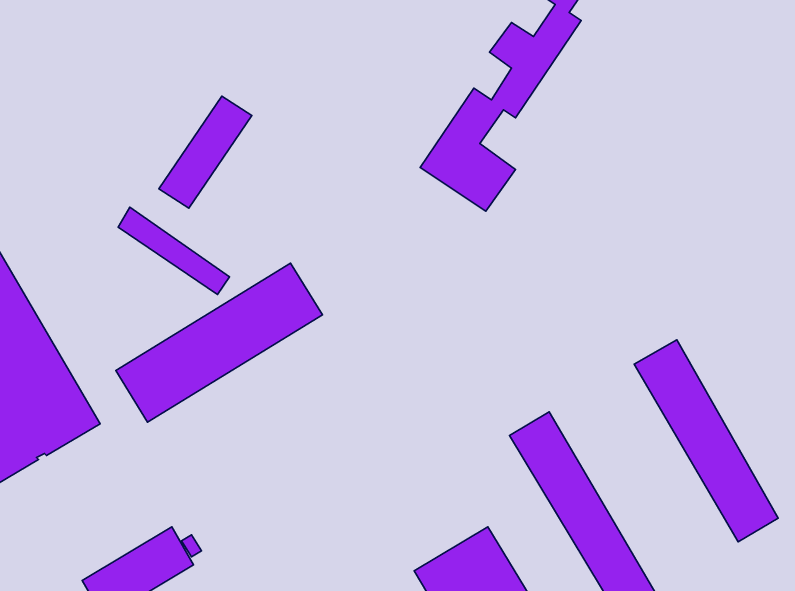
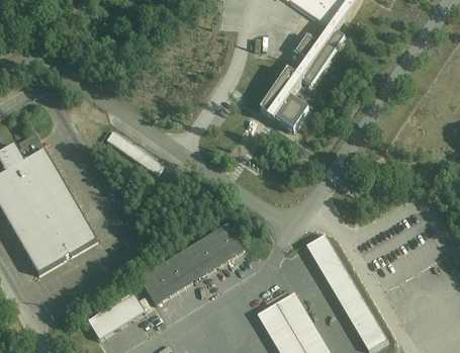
building: [159,96,252,208] -> none
building: [116,263,322,422] -> [139,224,244,304]
building: [634,340,778,542] -> none

